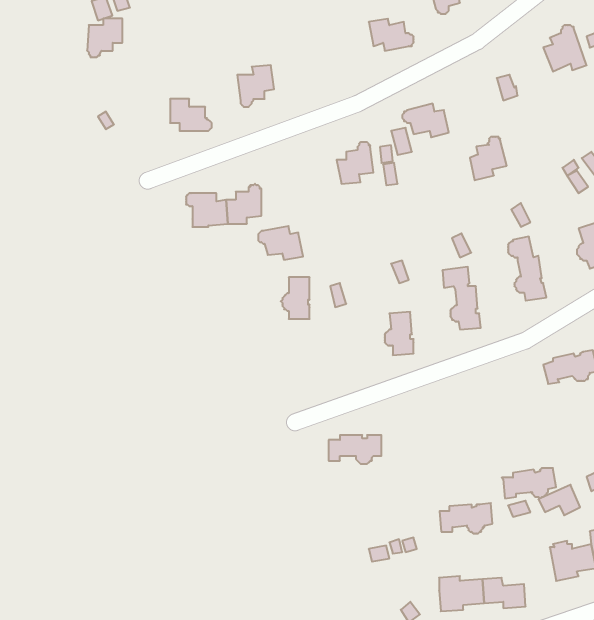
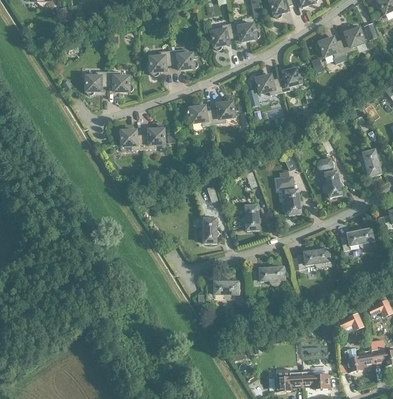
building: [87,19,122,57] -> [85,70,107,94]
building: none -> [210,22,234,49]
building: none -> [316,36,348,63]
building: none -> [170,48,197,69]
building: [470,137,507,180] -> [278,64,301,91]
building: [258,226,303,260] -> [186,104,214,125]
building: [281,277,310,319] -> [198,216,216,242]
building: [502,468,556,498] -> [296,248,330,267]
building: [440,503,492,533] -> [252,265,285,284]

